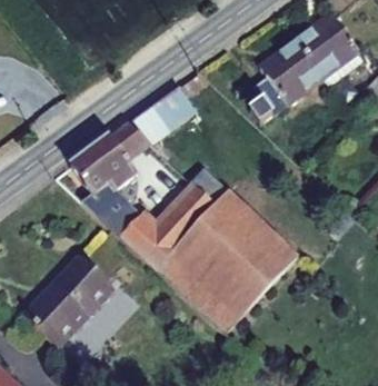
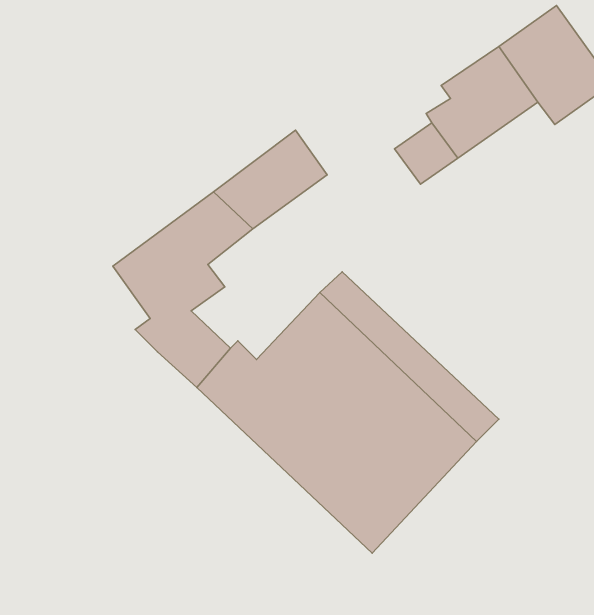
building: [26,260,111,348] -> none

